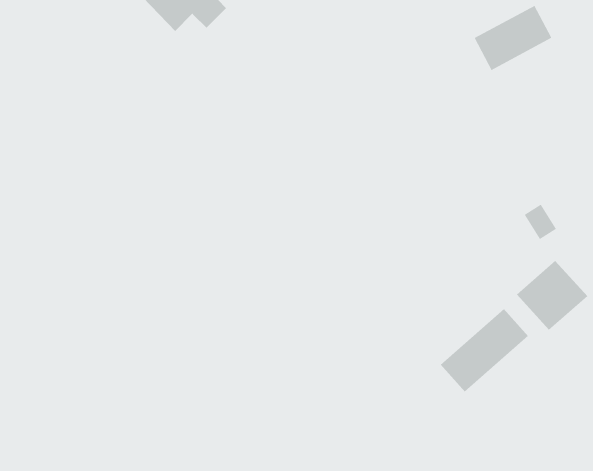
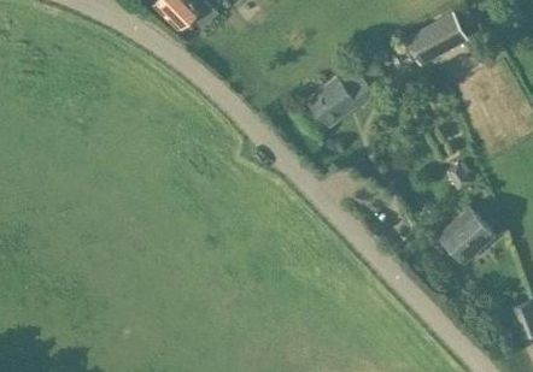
building: none -> [308,72,377,128]
building: [440,308,529,392] -> none

